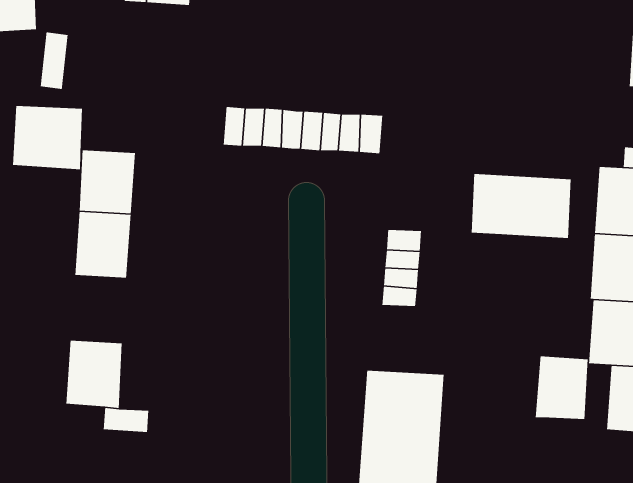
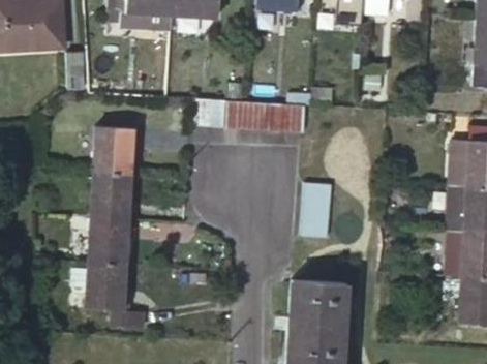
building: [12,105,83,170] -> none
building: [471,173,572,239] -> none
building: none -> [89,216,128,263]
building: [535,355,589,420] -> none

